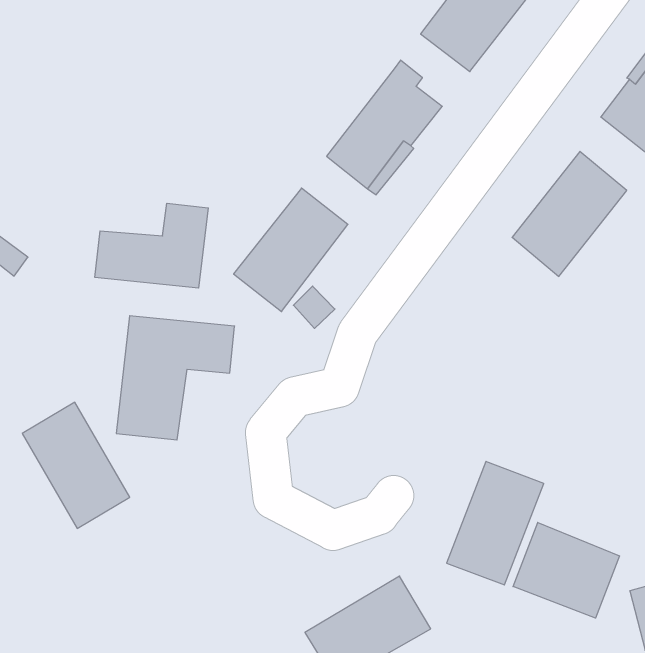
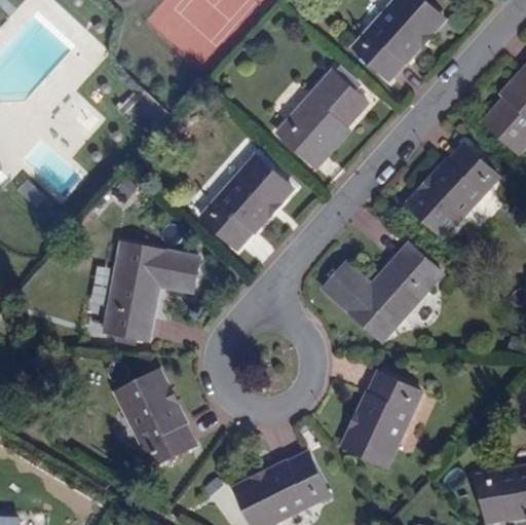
building: [95,203,208,288] -> none
building: none -> [325,242,443,340]
building: [22,402,130,528] -> [116,371,193,465]
building: [513,522,620,618] -> none

